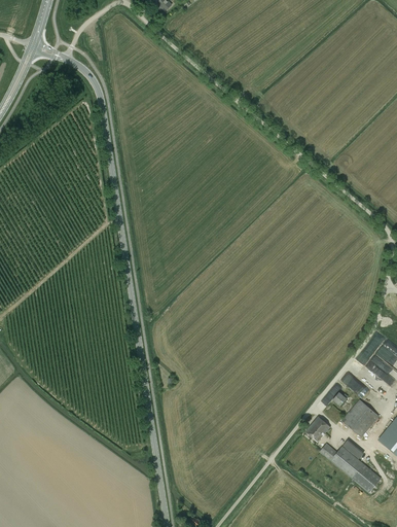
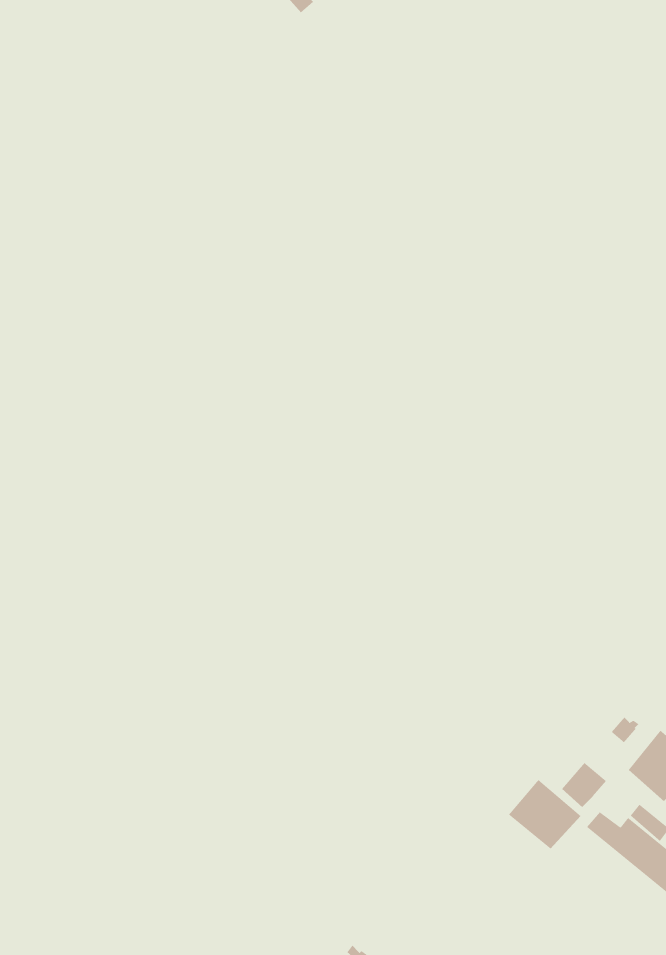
building: none -> [508,779,581,850]

